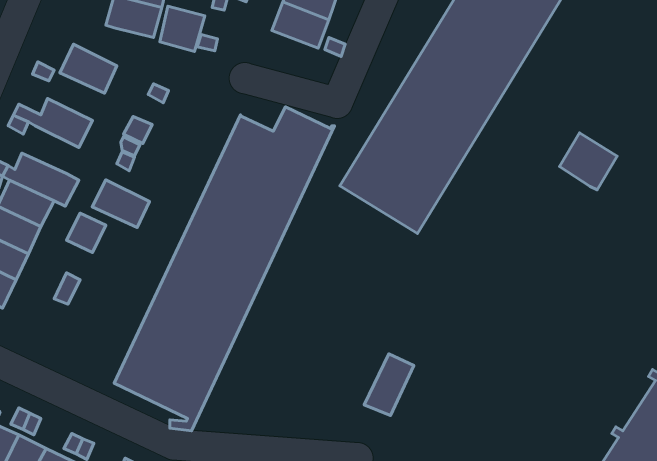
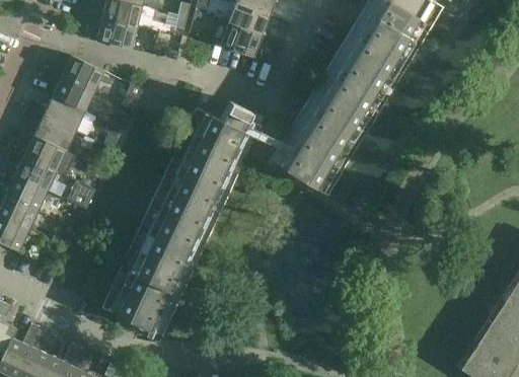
building: [160,6,205,51] -> none
building: none -> [52,76,94,111]
building: [559,133,617,190] -> none
building: [92,180,149,227] -> [32,116,75,151]
building: [364,354,414,415] -> none

